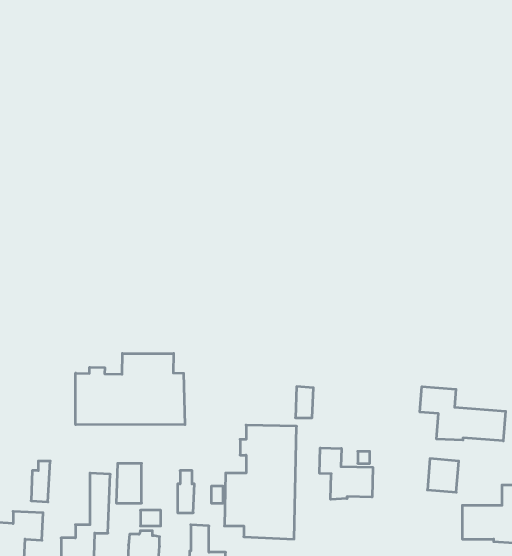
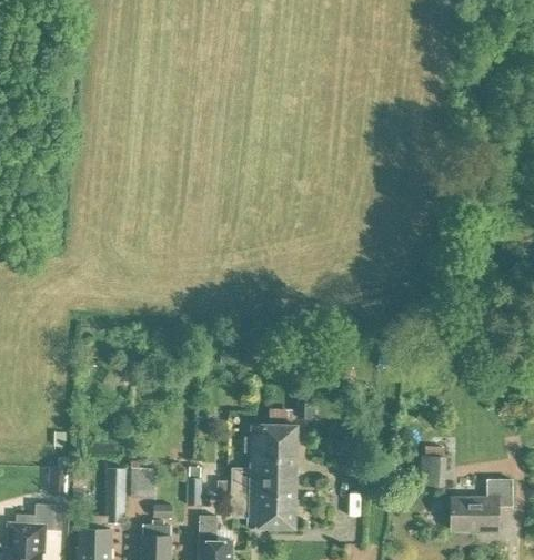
building: [76,353,185,425] -> none
building: [420,387,506,441] -> none
building: [320,448,373,499] -> none

